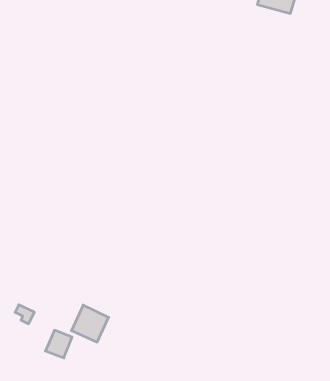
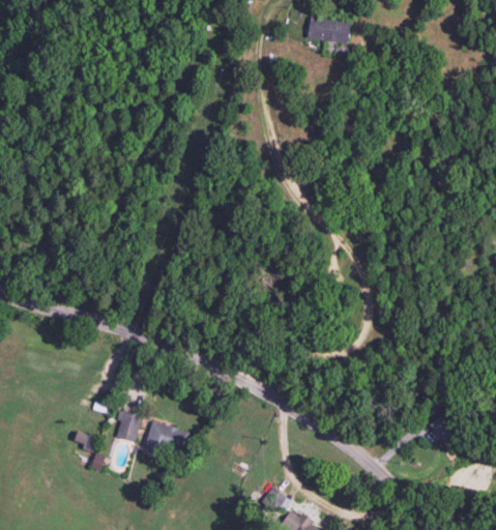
building: [45,330,72,358] -> [112,411,141,442]

